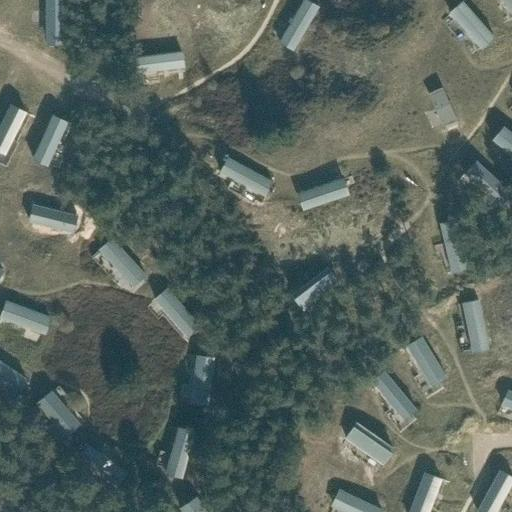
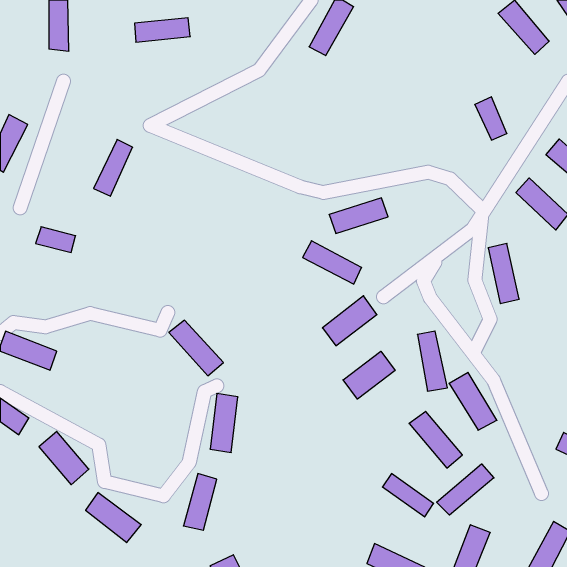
building: [135,52,185,74] -> [135,18,190,42]
building: [32,116,67,167] -> [94,139,133,196]
building: [219,158,272,197] -> [303,241,362,284]
building: [98,238,147,288] -> none
building: [463,300,490,354] -> [417,331,447,391]
building: none -> [343,351,395,399]
building: none -> [437,464,494,515]

